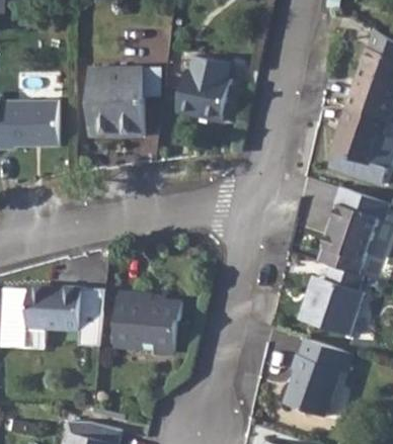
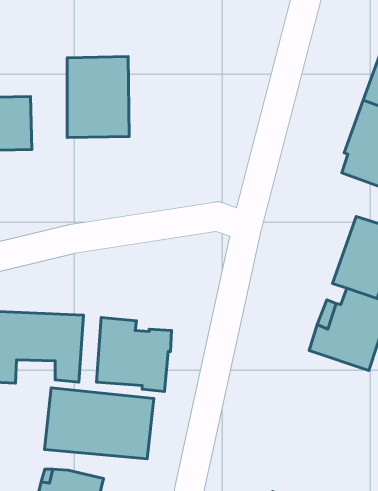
building: [176,58,230,122] -> none
building: [284,337,351,417] -> none
building: none -> [44,388,154,459]

